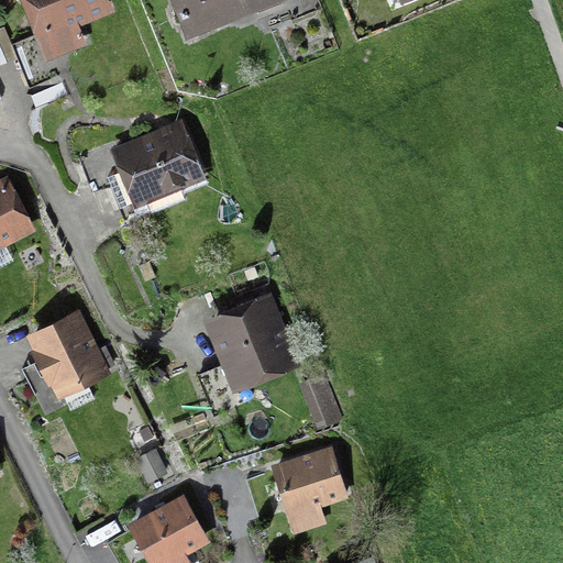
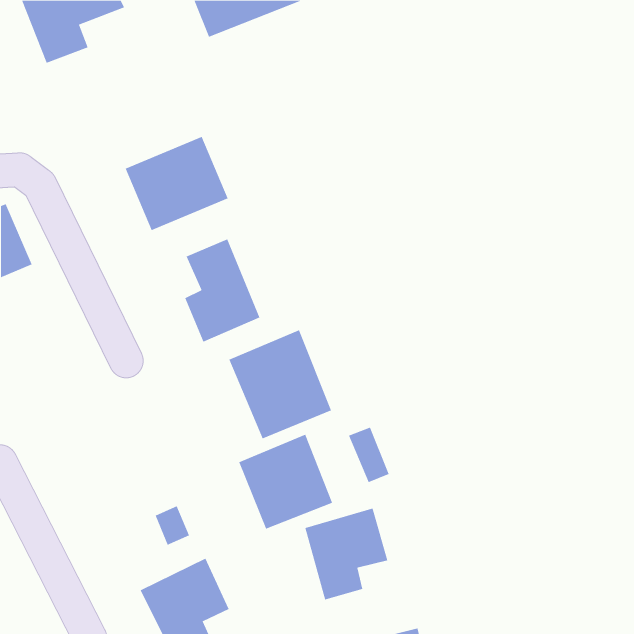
building: none -> [185,239,260,342]
building: [26,310,106,396] -> none
building: none -> [239,434,333,530]

